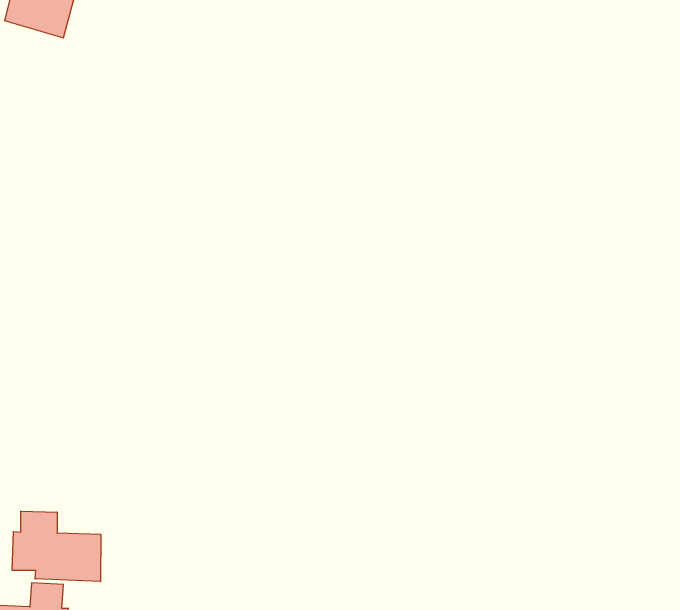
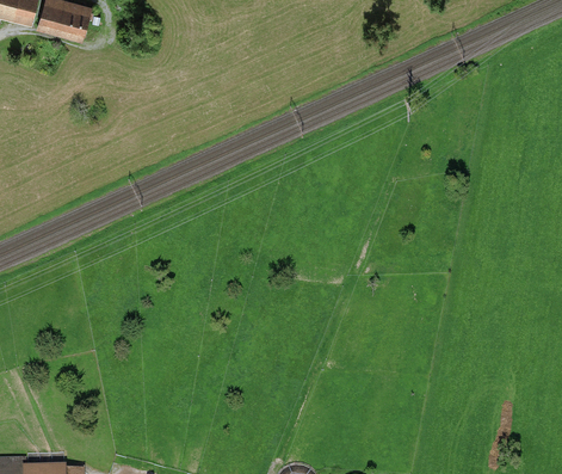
building: [12,511,101,582] -> none

